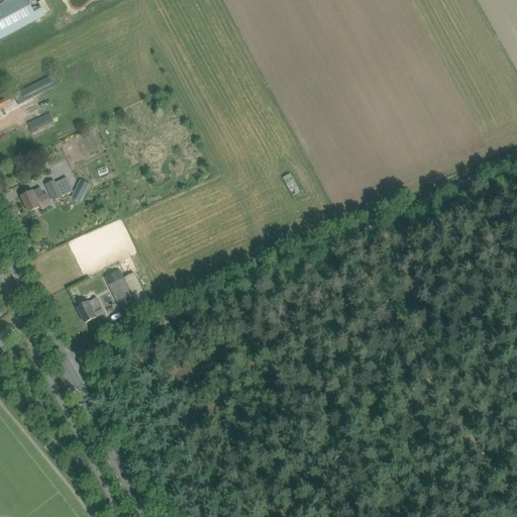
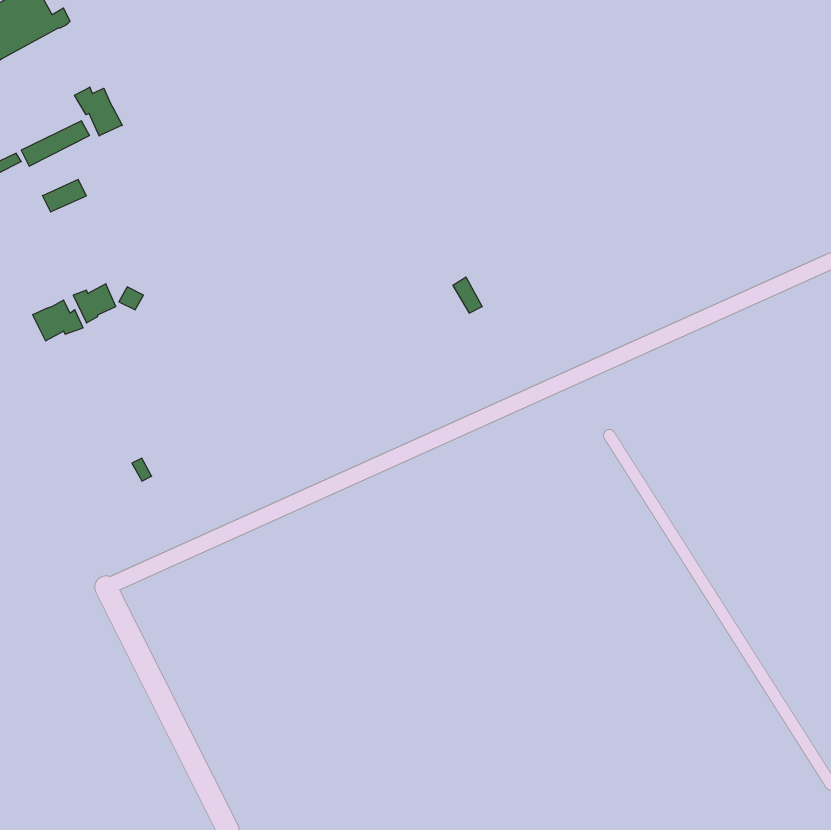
building: none -> [75,87,122,136]
building: [106,264,135,311] -> none
building: [77,297,103,321] -> none

